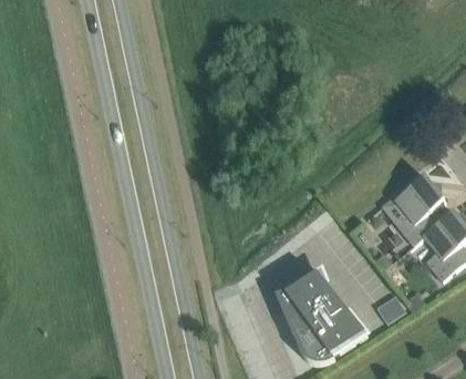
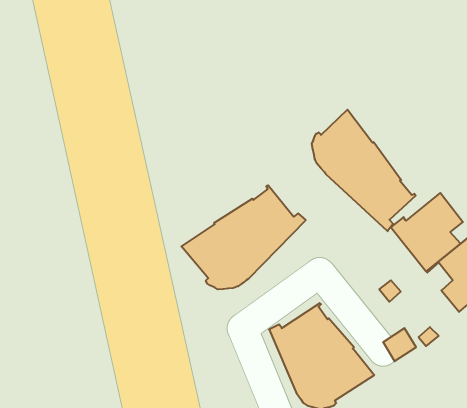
building: none -> [312,110,416,231]
building: none -> [181,185,306,289]

